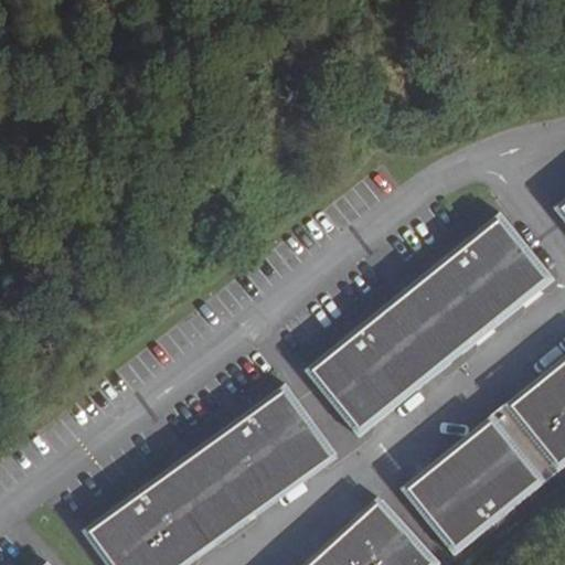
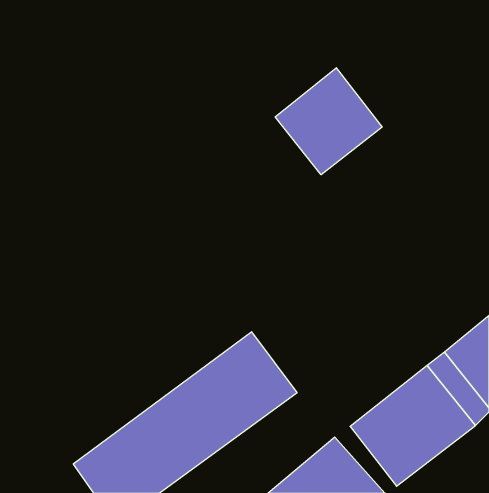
building: none -> [275,68,382,175]
building: [303,214,554,437] -> none

